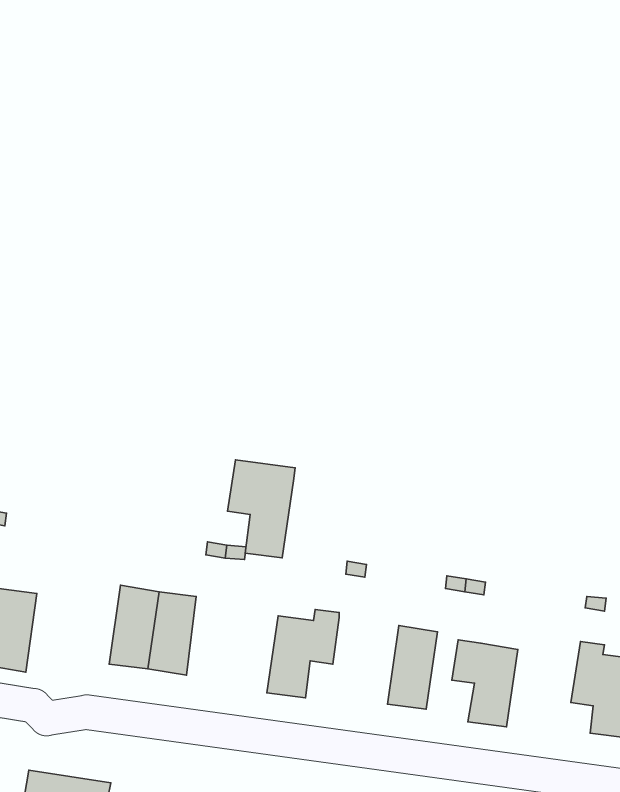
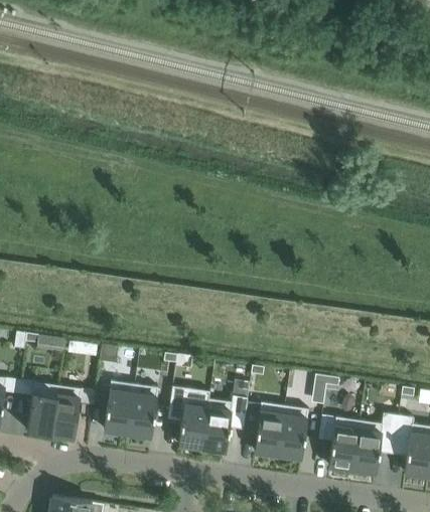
building: [228,460,295,558] -> [168,387,210,449]
building: none -> [51,386,82,439]
building: none -> [244,401,285,456]
building: none -> [352,414,399,474]

